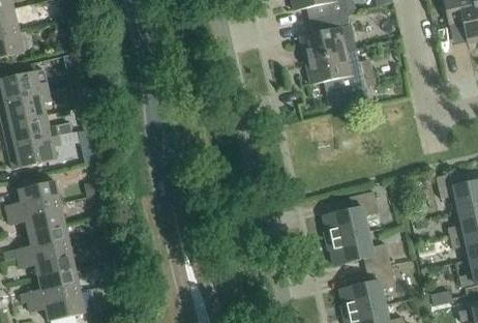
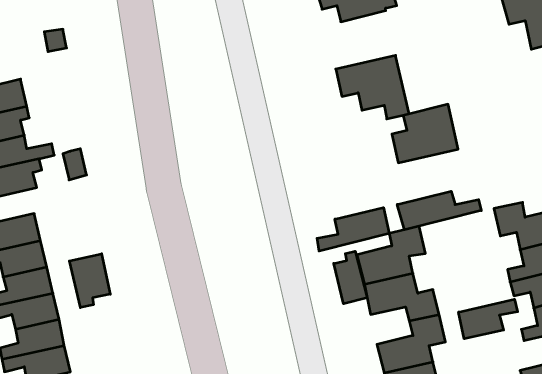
building: [299,11,354,60] -> [392,104,458,163]
building: none -> [397,191,481,230]
building: none -> [317,208,389,251]
building: none -> [334,251,367,304]
building: none -> [69,254,110,308]
building: none -> [459,299,518,339]

